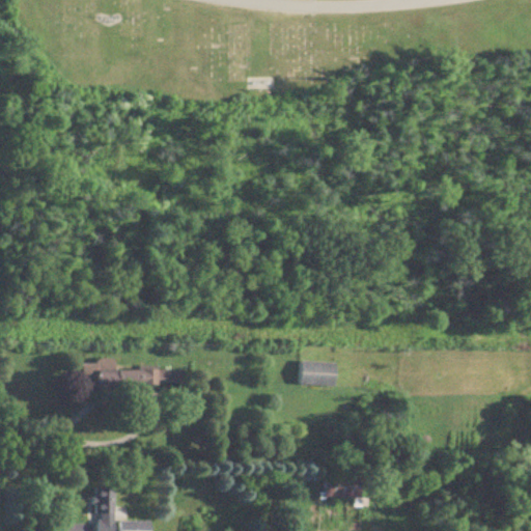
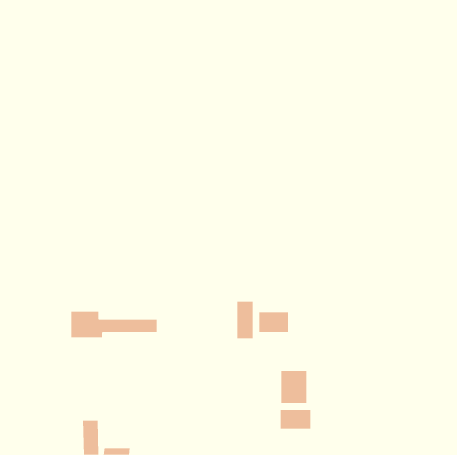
building: none -> [237,301,253,339]
building: none -> [281,370,307,404]

